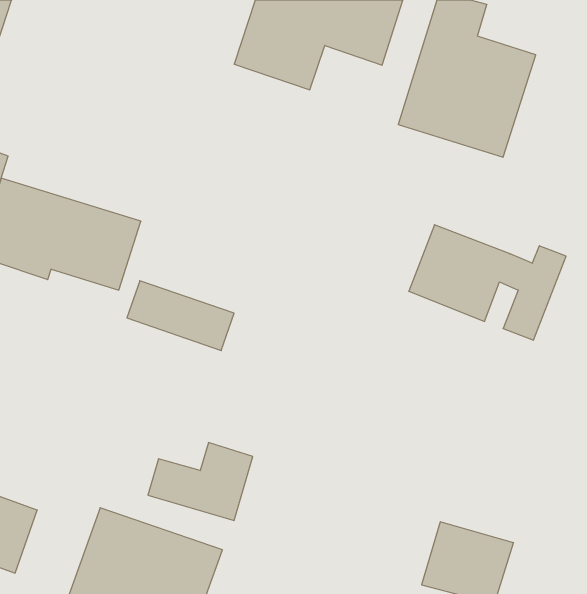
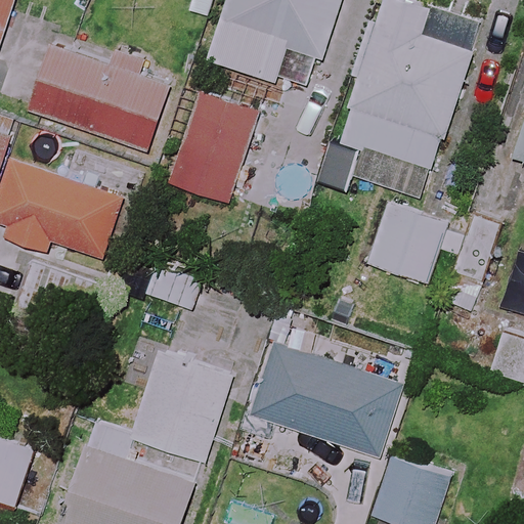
building: none -> [31,43,169,148]
building: none -> [167,86,258,200]
building: none -> [306,111,442,198]
building: none -> [250,344,396,455]

